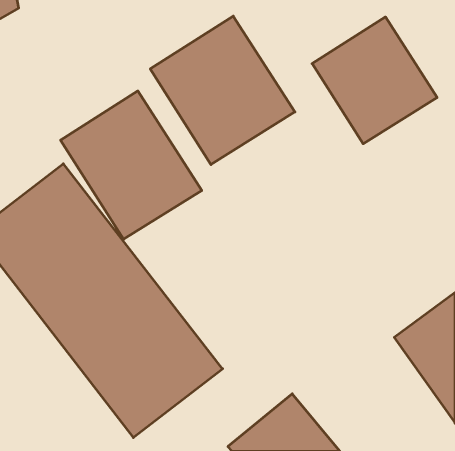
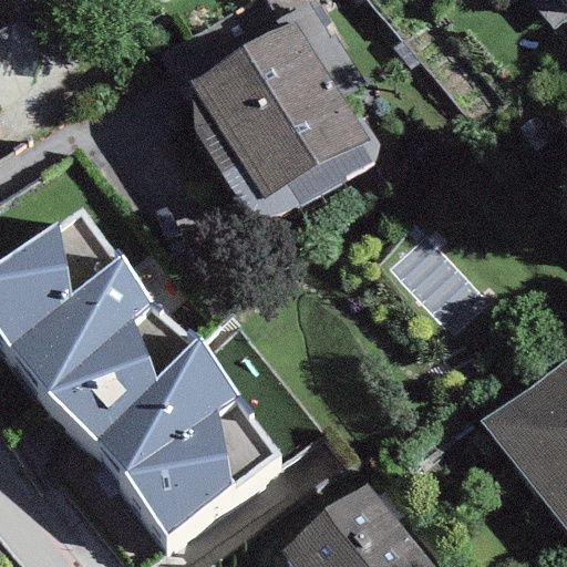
building: [312,17,437,144] -> none
building: [61,91,202,239] -> none

